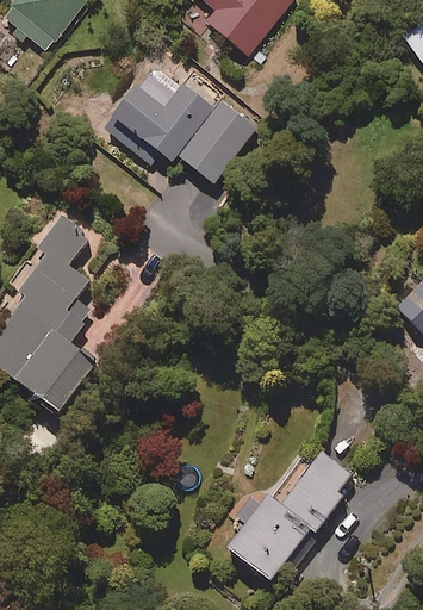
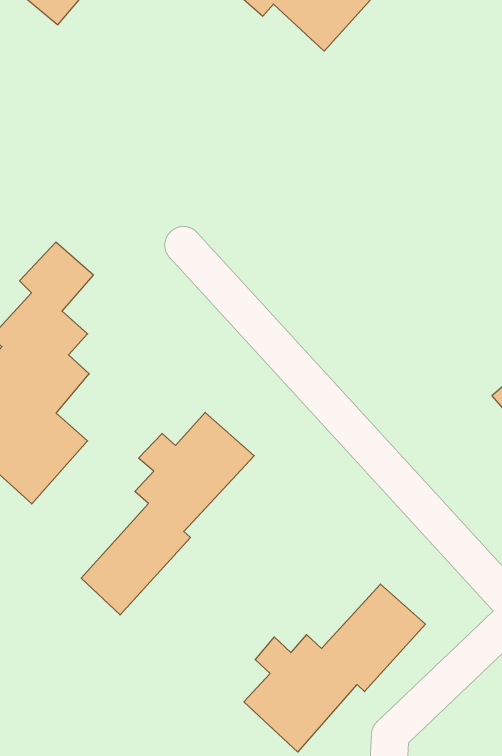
building: [108,83,256,182] -> none
building: none -> [81,412,254,615]

